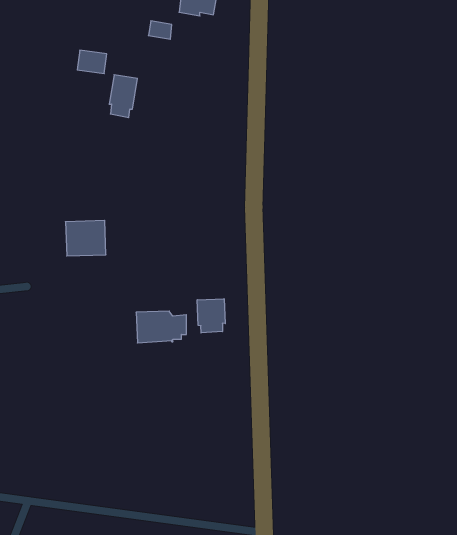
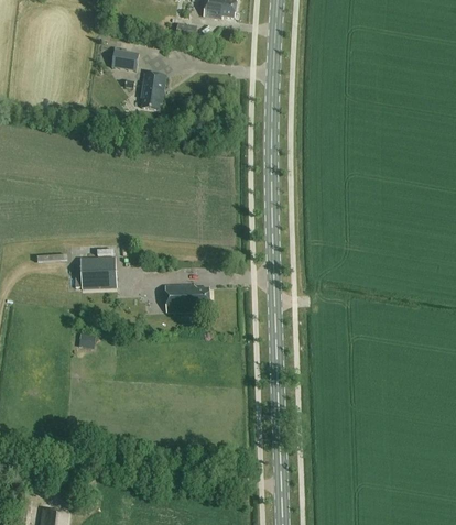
building: [65,220,106,256] -> [80,255,117,287]
building: [197,299,225,333] -> none

